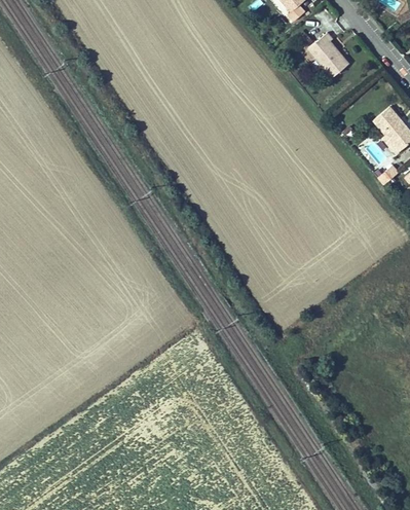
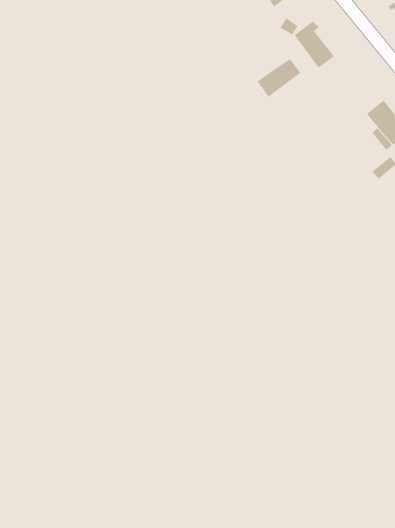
building: none -> [257,58,301,97]

